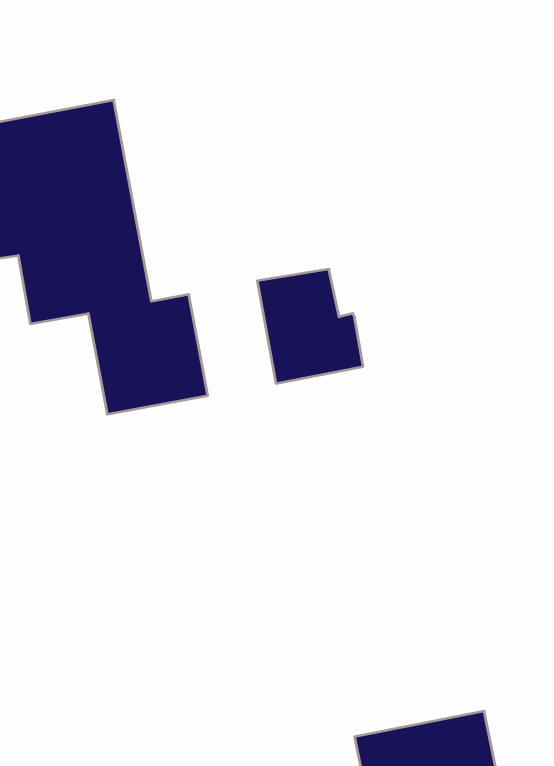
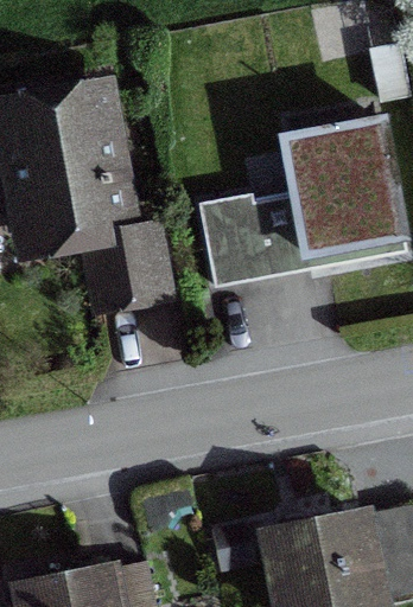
building: none -> [287,121,405,255]

